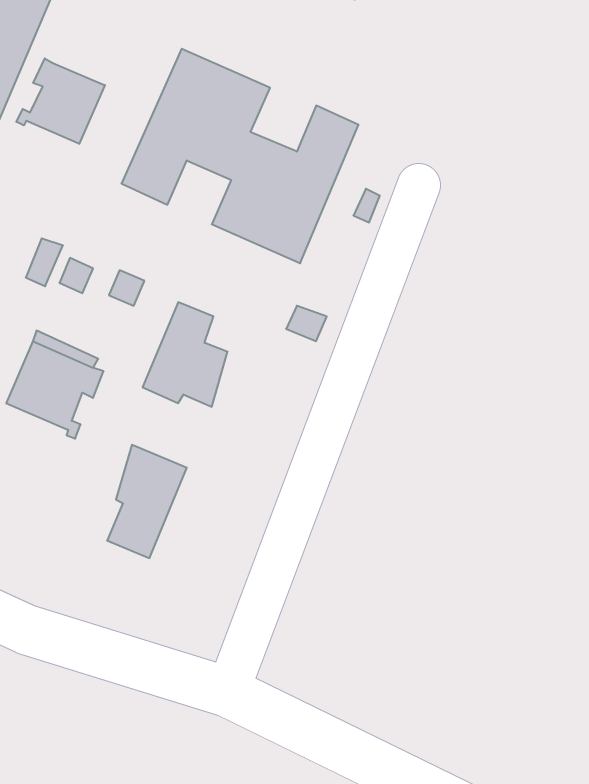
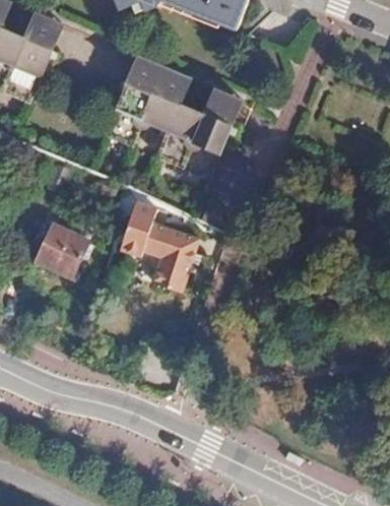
building: [16,58,105,144] -> none
building: [107,445,187,558] -> [150,229,196,294]

